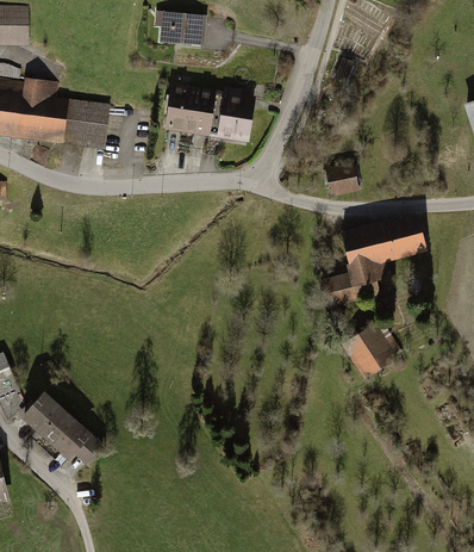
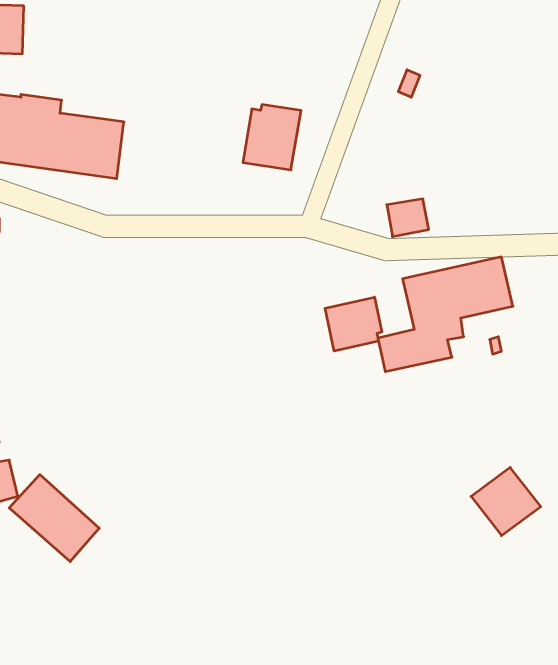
building: [150,11,206,46] -> none
building: [162,83,216,135] -> none
building: none -> [325,297,382,351]
building: [342,323,399,379] -> [471,467,541,536]

